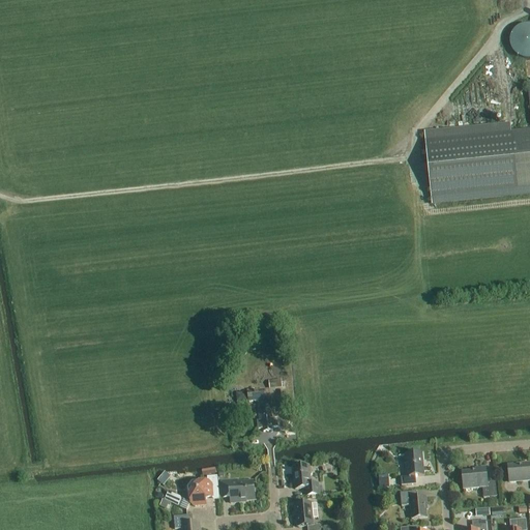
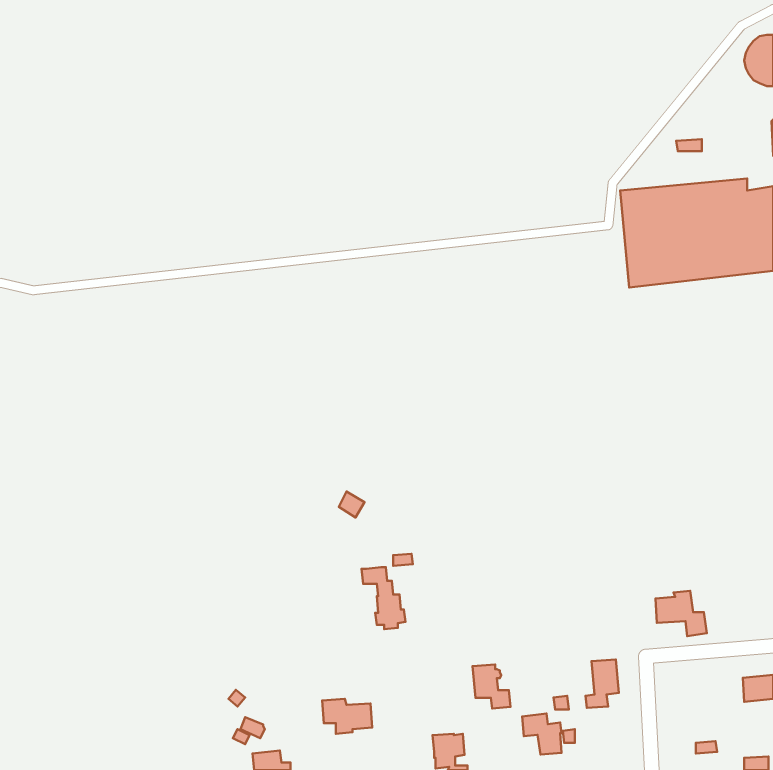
building: [293,465,319,495] -> [473,665,510,708]
building: [462,466,497,497] -> [655,591,707,636]
building: [188,476,216,505] -> none
building: [400,490,426,518] -> [522,713,562,754]

